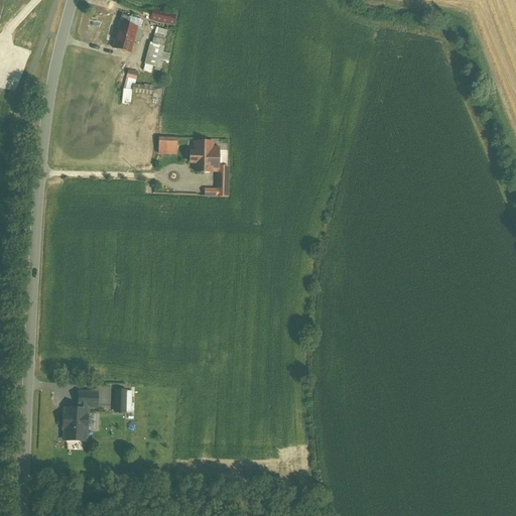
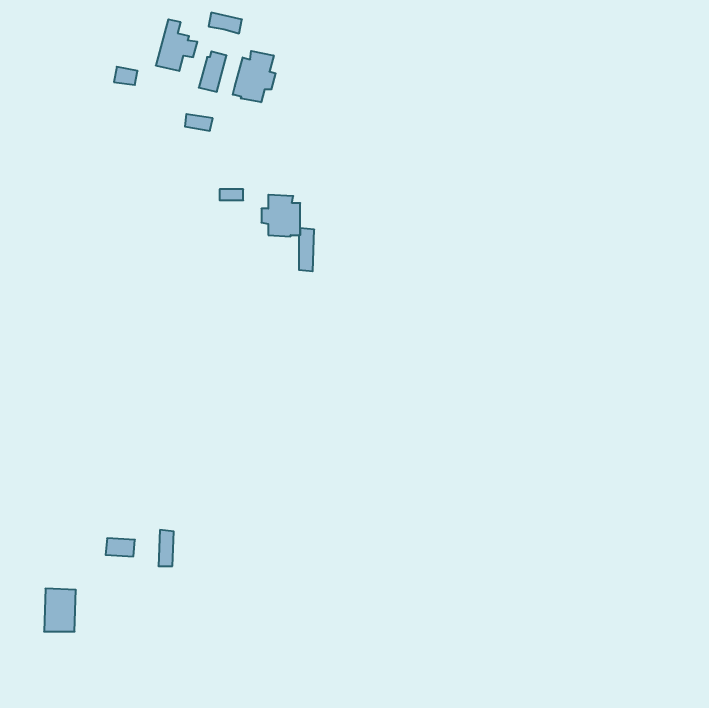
building: none -> [233,51,276,102]
building: [64,408,88,439] -> [44,589,76,632]

